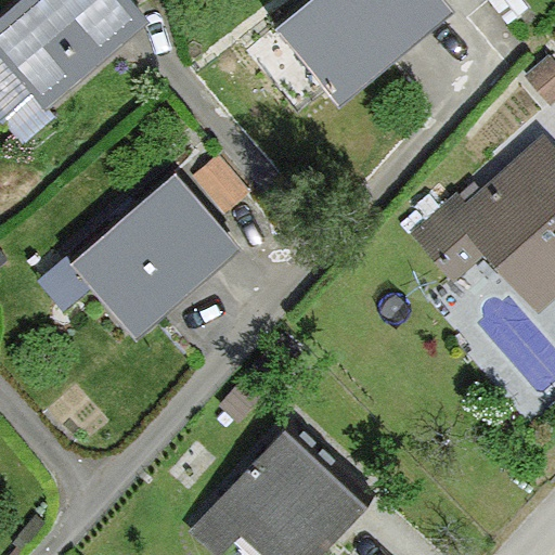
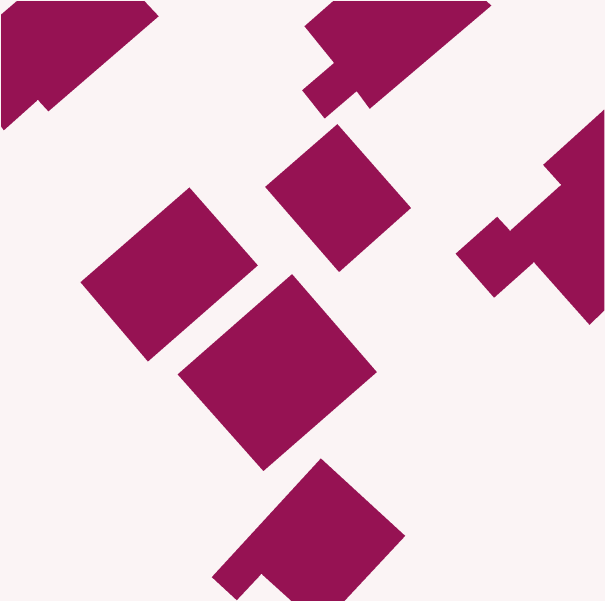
building: none -> [264,123,412,273]
building: none -> [176,273,378,472]

